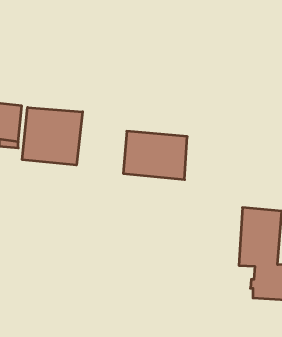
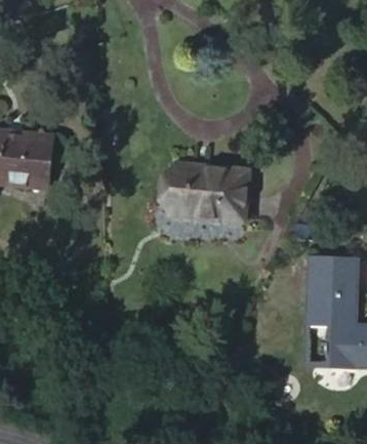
building: [22,107,83,165] -> none

